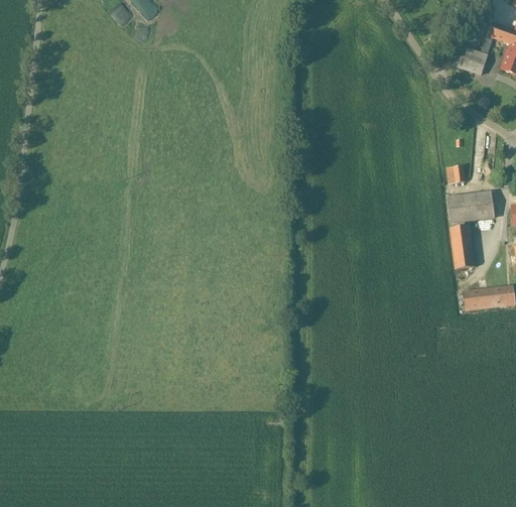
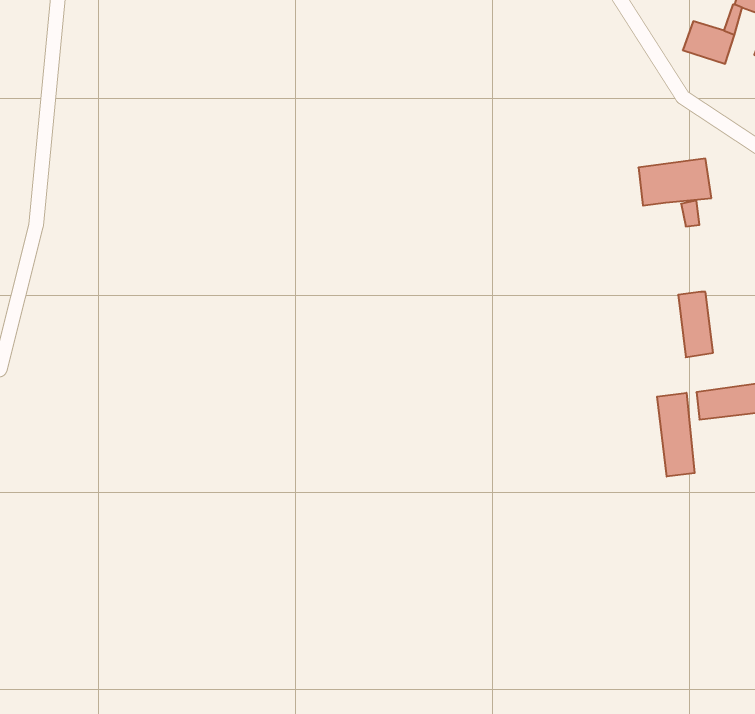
building: [445,192,494,223] -> [638,159,711,206]
building: none -> [657,393,695,477]

